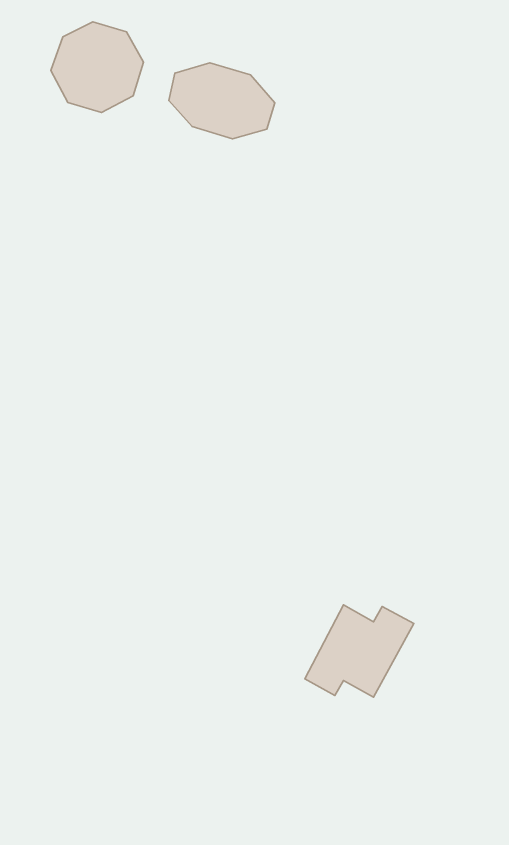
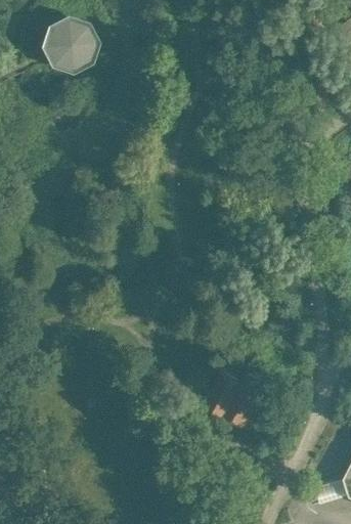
building: [169,63,275,139] -> none

